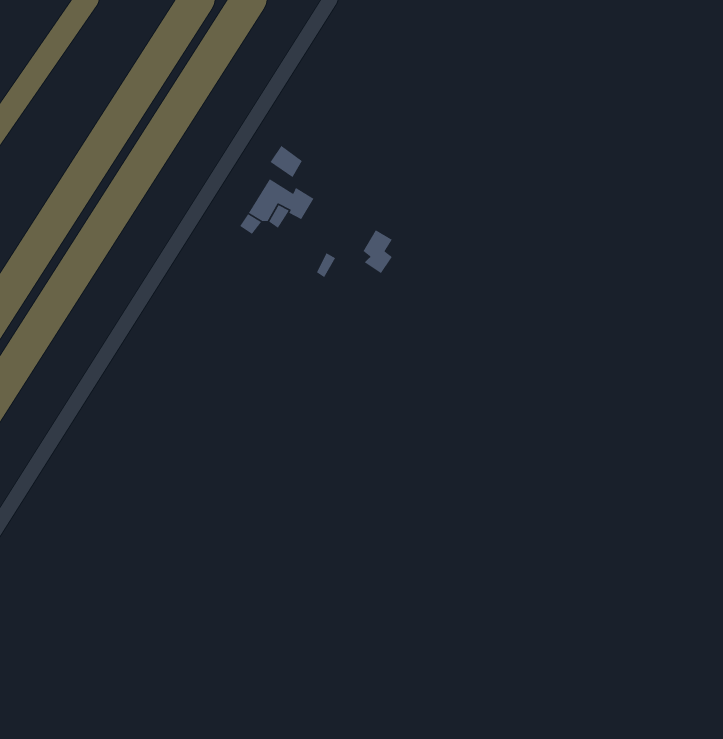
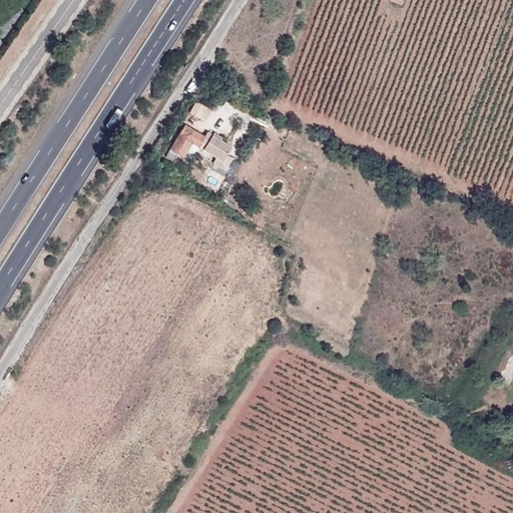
building: [362,229,393,274] -> [208,137,229,168]

